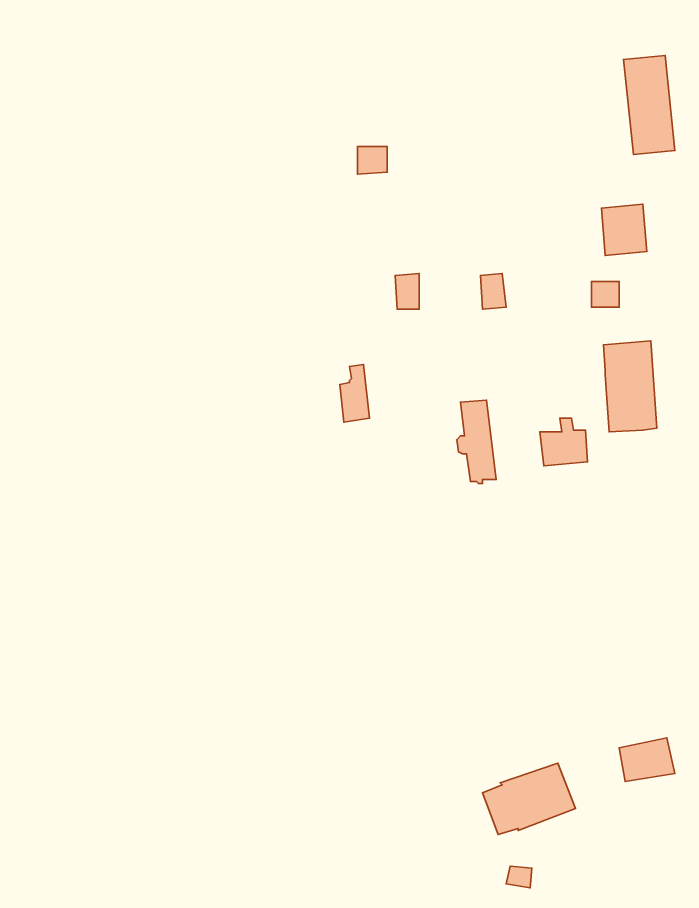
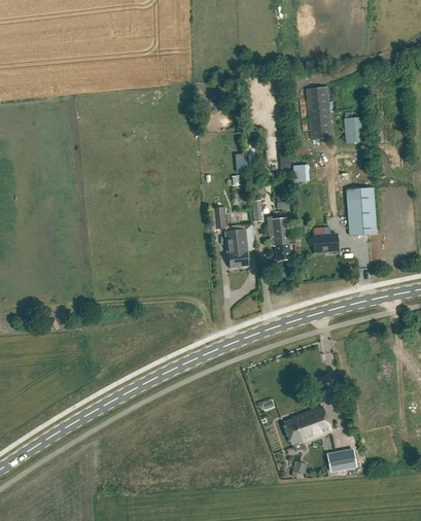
building: [623,55,675,155] -> [306,86,332,138]
building: none -> [225,229,248,267]
building: [619,738,675,781] -> [327,448,356,471]

